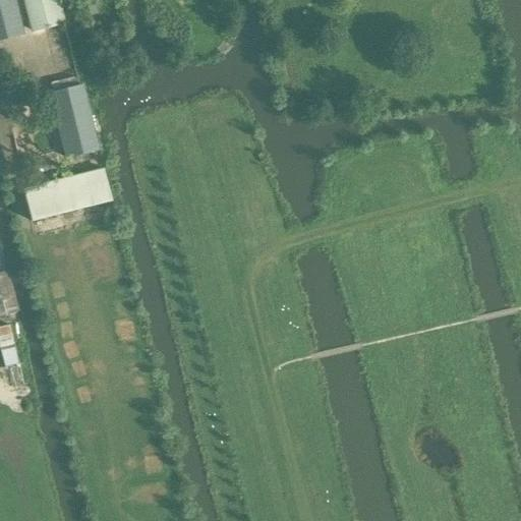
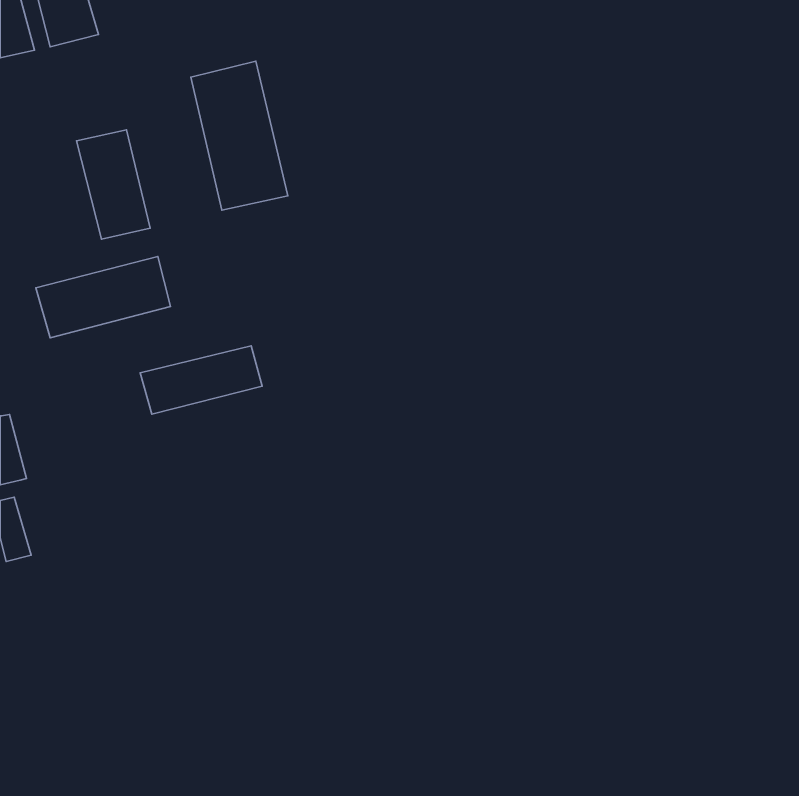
building: none -> [191,61,288,210]
building: none -> [140,346,262,414]

